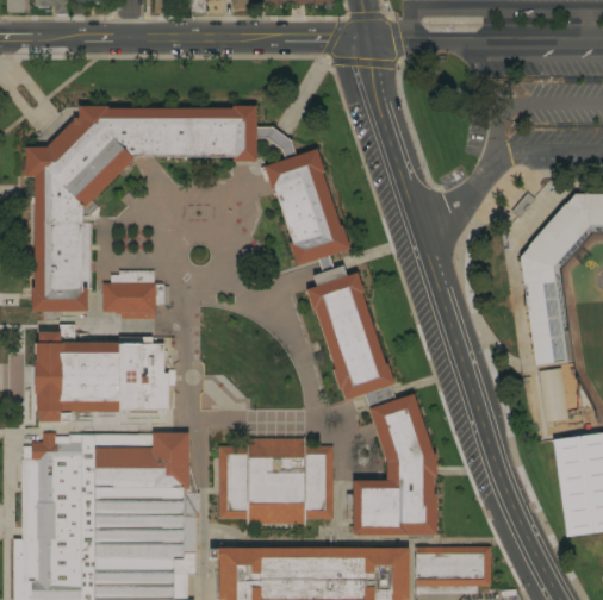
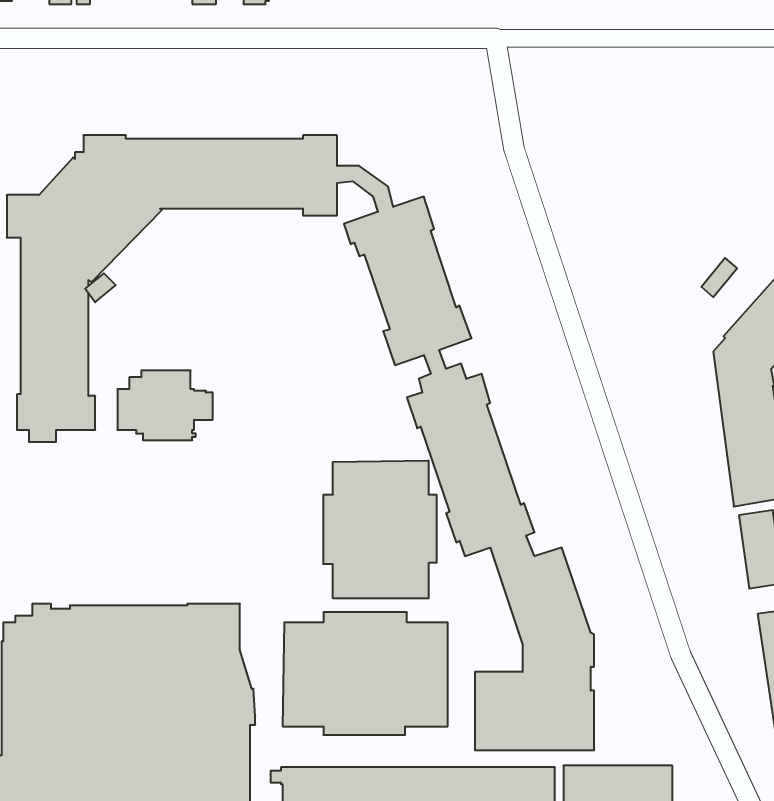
building: [36,325,169,430] -> none
building: none -> [323,460,436,598]

